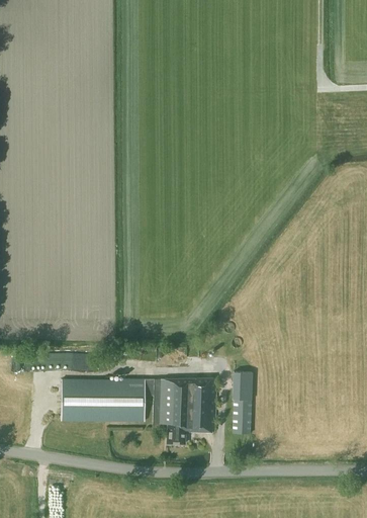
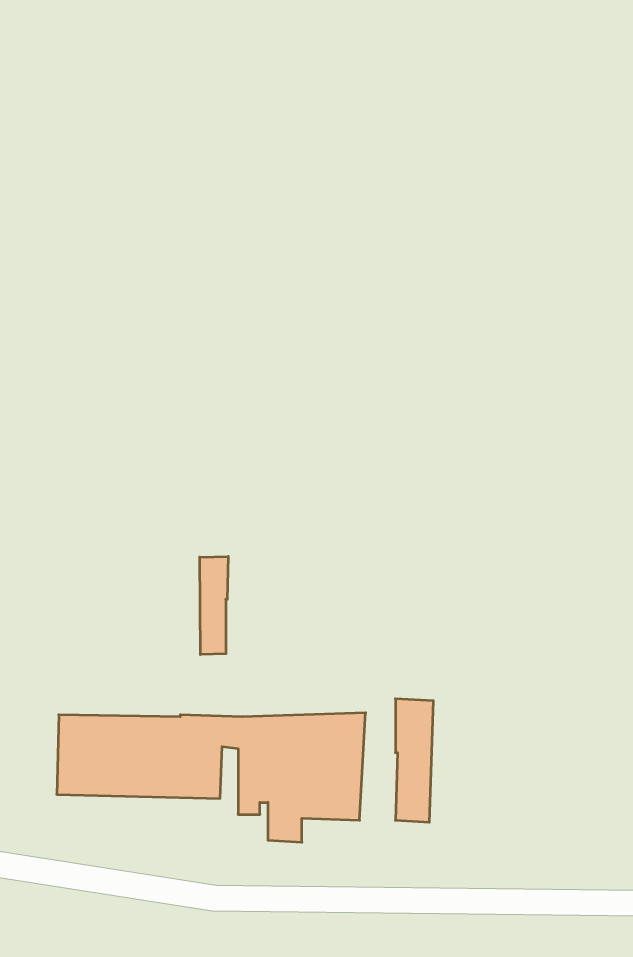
building: none -> [200,556,228,655]

